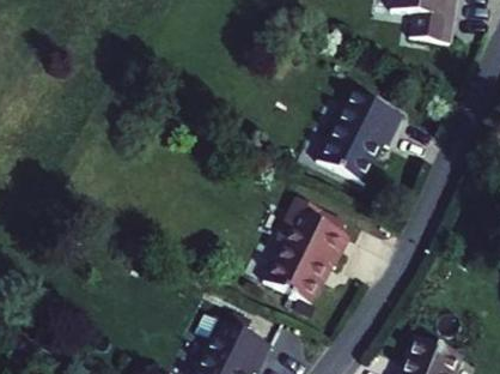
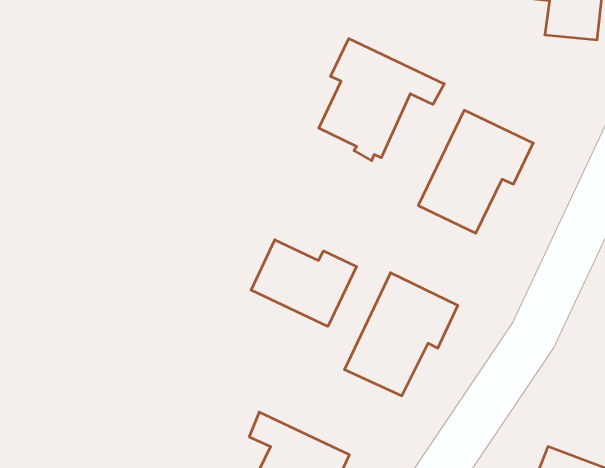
building: none -> [319,39,444,161]
building: none -> [251,240,357,326]

